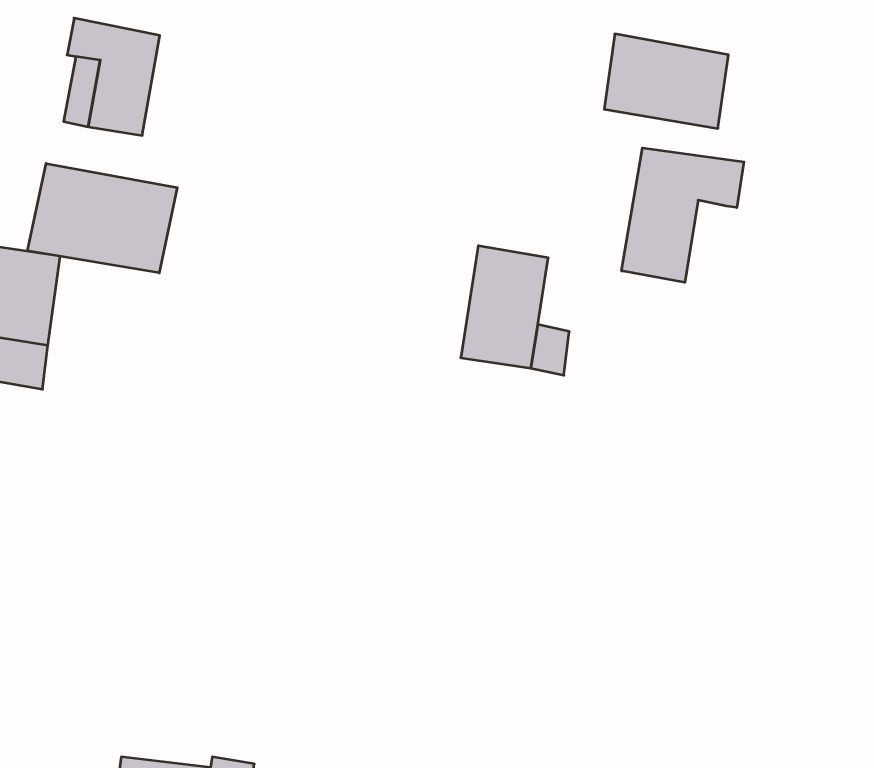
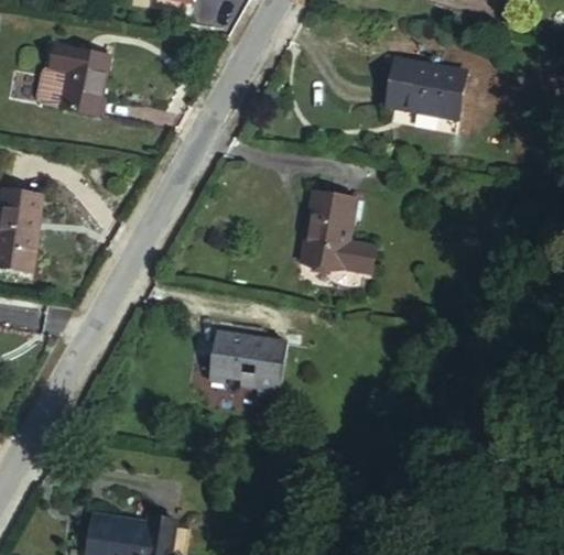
building: [622,148,744,282] -> none
building: [27,163,177,273] -> none
building: none -> [204,329,285,400]

